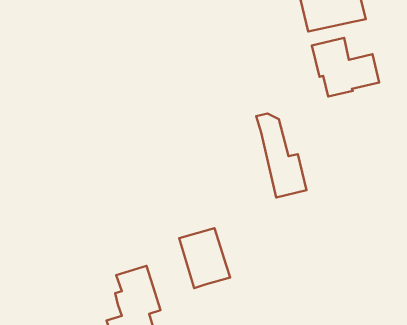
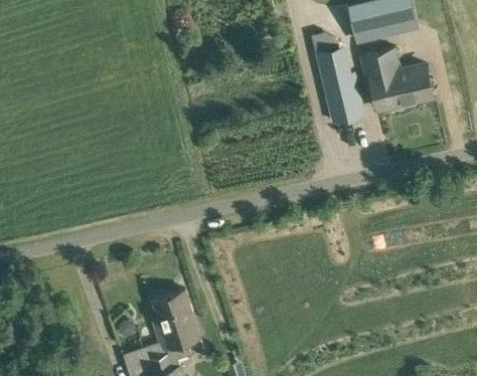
building: [256,113,306,198] -> [311,33,364,123]
building: [179,228,230,288] -> none

